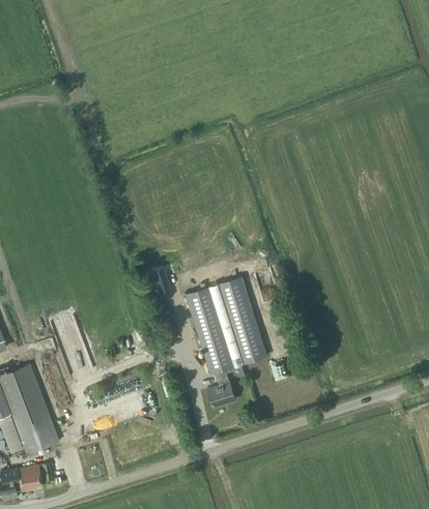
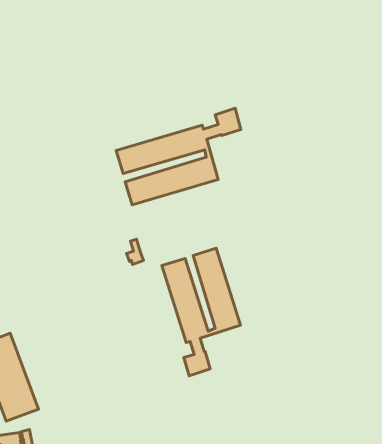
building: none -> [116,108,241,205]

